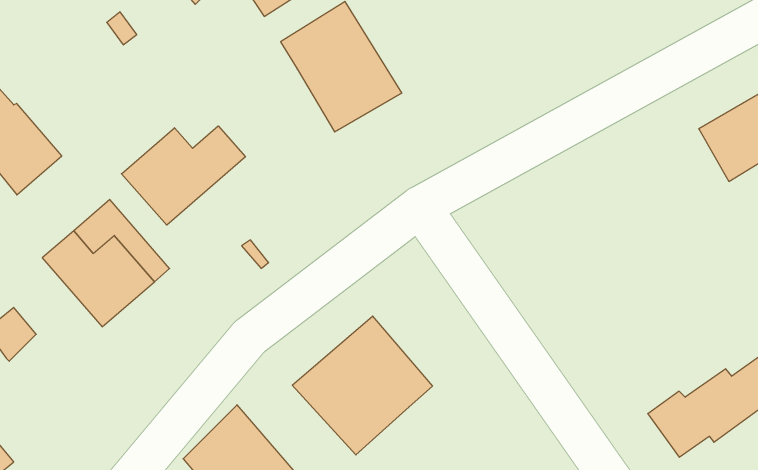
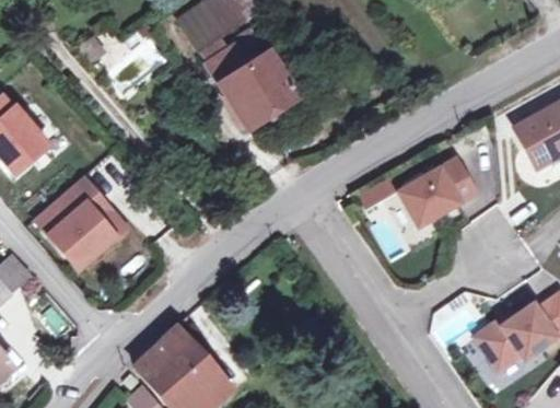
building: [121,126,245,225] -> none
building: none -> [397,155,475,223]
building: [292,316,432,455] -> none

